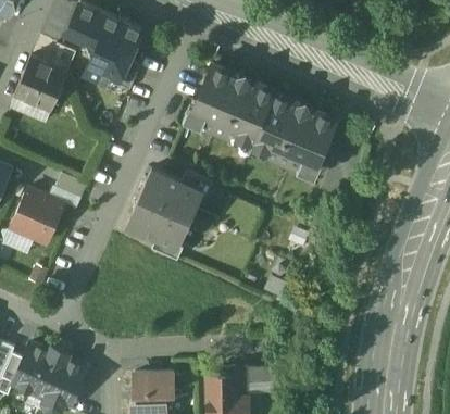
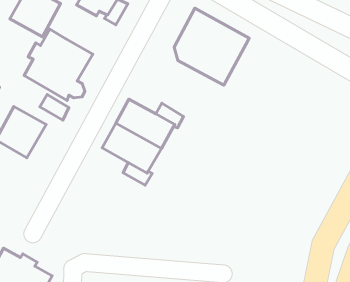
building: [251,93,336,170] -> none
building: none -> [24,29,93,100]

